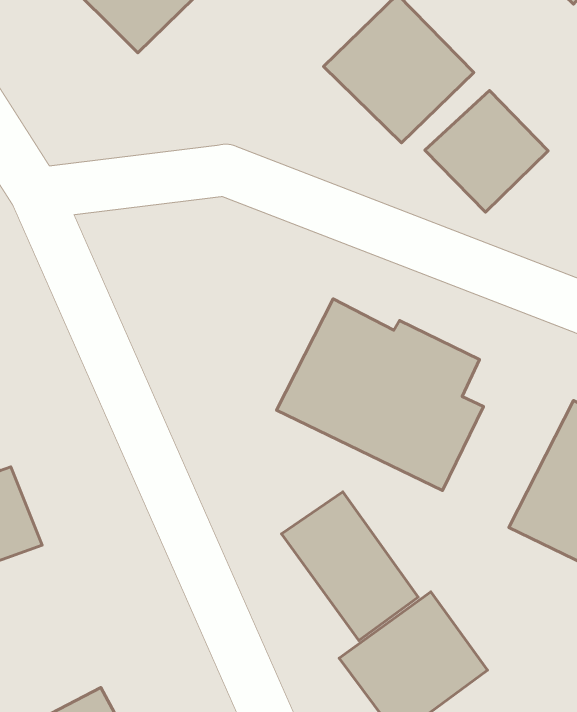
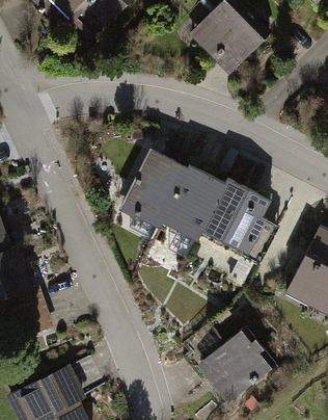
building: [425,90,548,212] -> none
building: none -> [113,141,191,230]
building: [282,492,418,640] -> none

